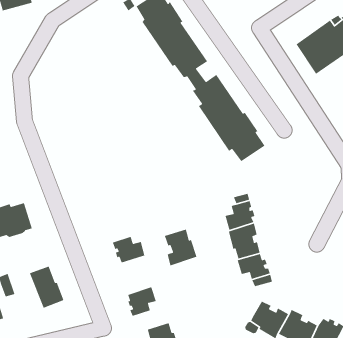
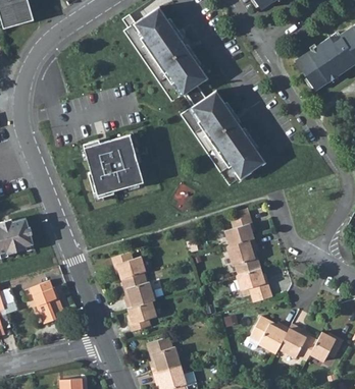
building: none -> [84,134,143,198]
building: [164,228,198,266] -> [121,272,155,310]

